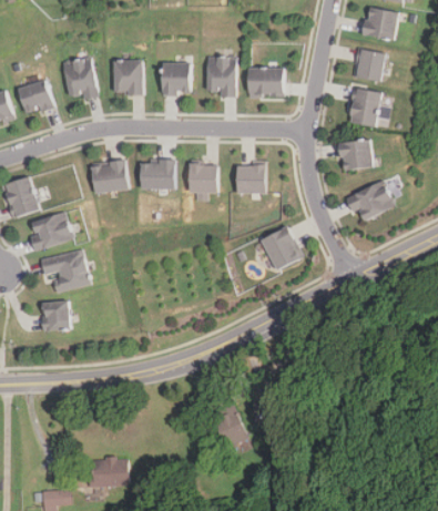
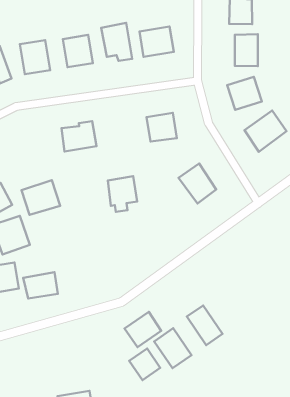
building: [93,157,133,192] -> [22,180,60,215]
building: [193,162,223,198] -> [108,176,137,212]
building: none -> [23,272,58,298]
building: none -> [124,312,161,347]
building: none -> [187,305,222,345]
building: none -> [129,349,160,380]

